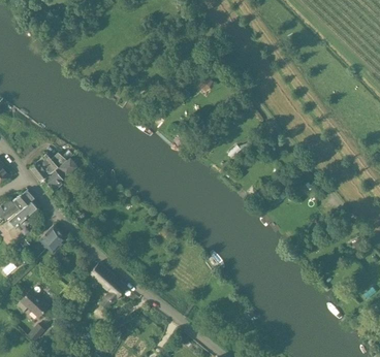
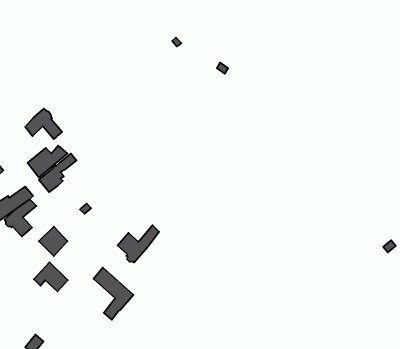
building: none -> [25,109,62,139]
building: none -> [117,225,159,262]
building: [17,290,47,317] -> [34,262,68,292]

